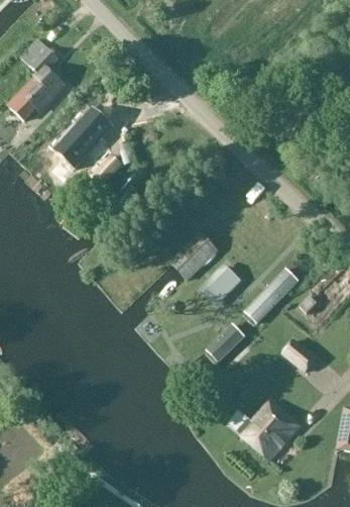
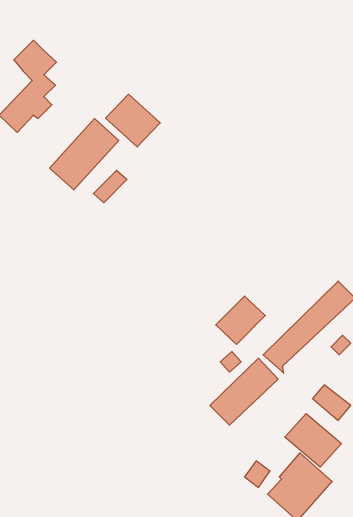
building: none -> [106,94,160,147]
building: [167,229,219,281] -> none
building: none -> [285,414,341,467]

